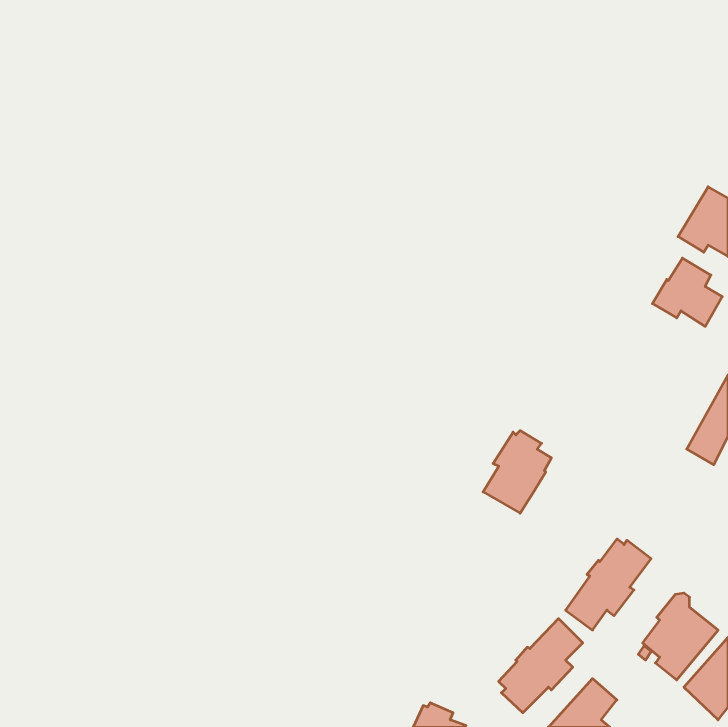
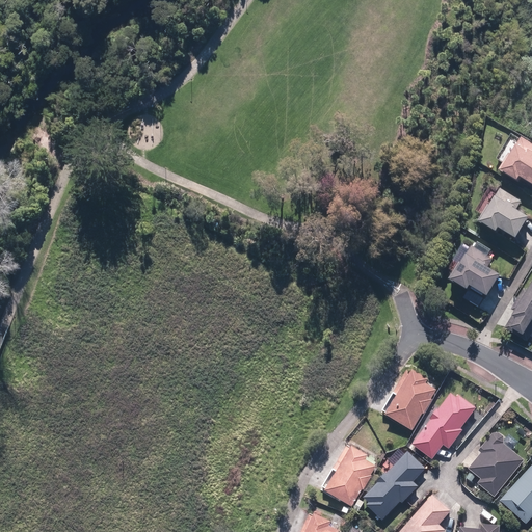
building: none -> [447,245,498,295]
building: [483,431,551,513] -> [384,369,434,429]
building: none -> [325,444,375,505]

